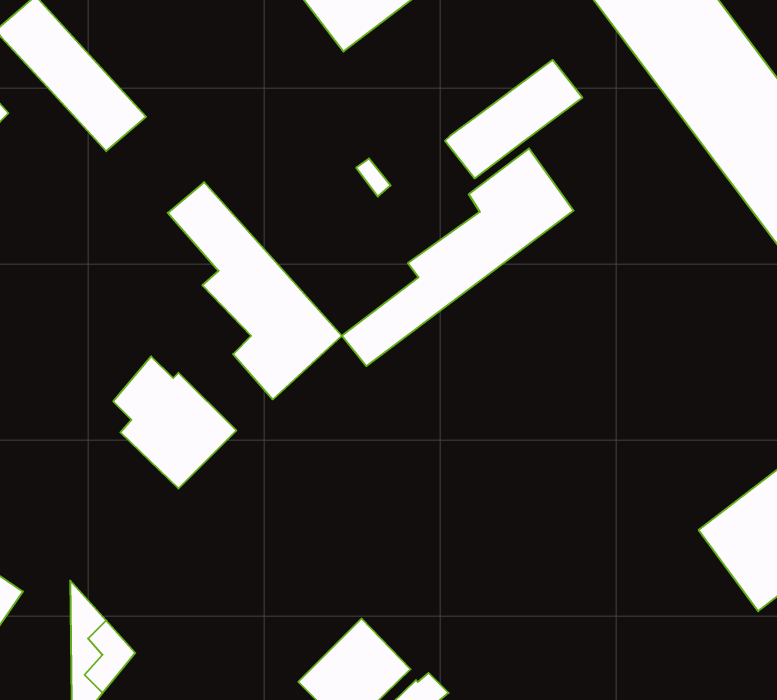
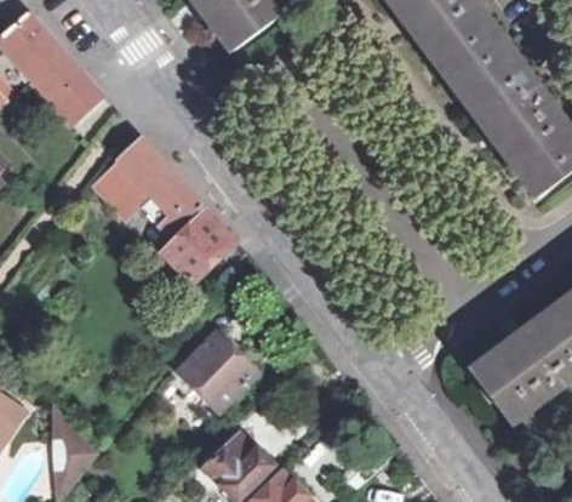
building: [445,60,582,178] -> none
building: [342,148,574,366] -> none
building: none -> [90,159,151,223]
building: [113,356,236,489] -> [178,323,261,411]

